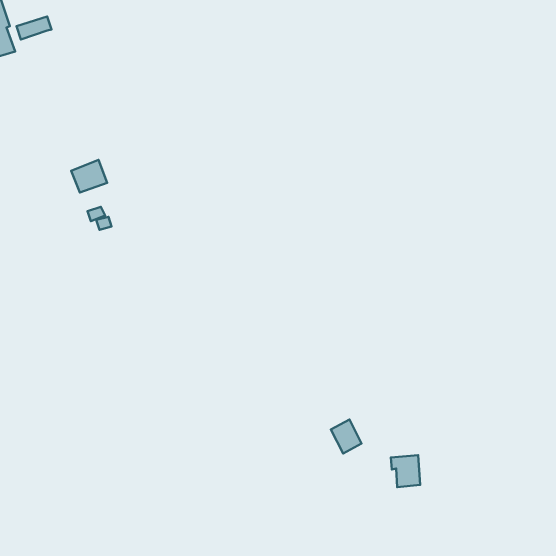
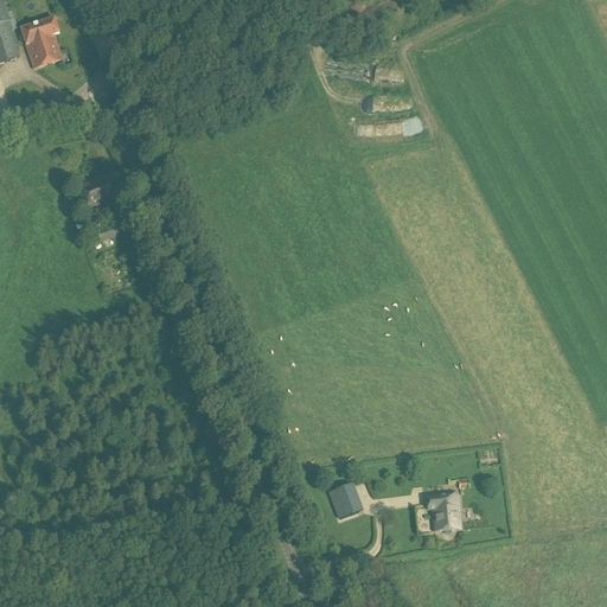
building: none -> [23,33,59,68]
building: [331,420,362,453] -> [331,480,364,517]

